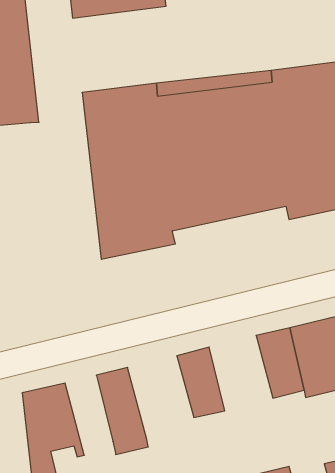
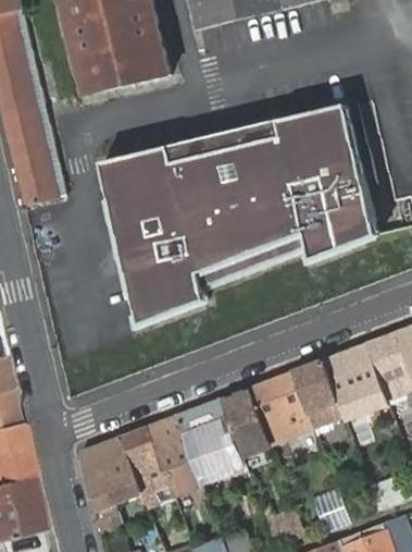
building: none -> [251,370,316,444]
building: none -> [177,398,248,480]
building: none -> [121,426,172,507]

